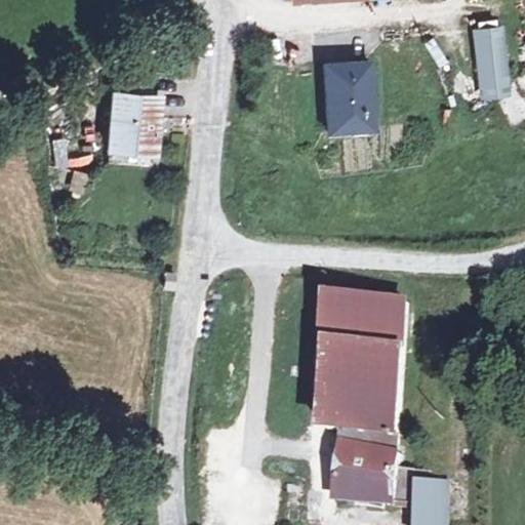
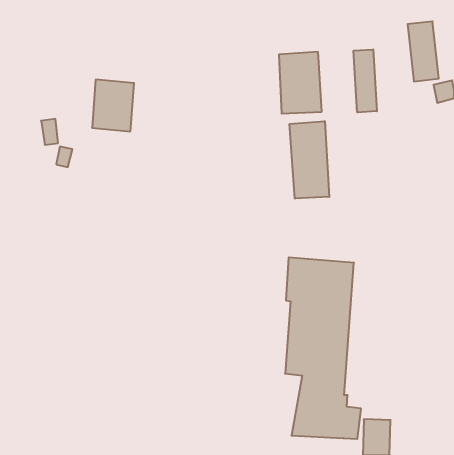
building: none -> [354,49,377,112]
building: none -> [290,121,329,199]

